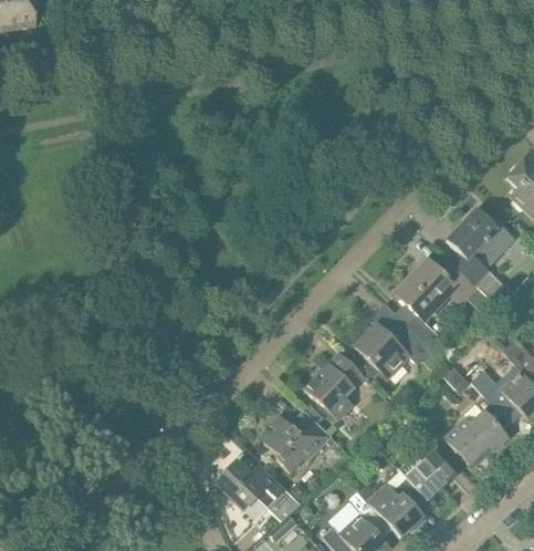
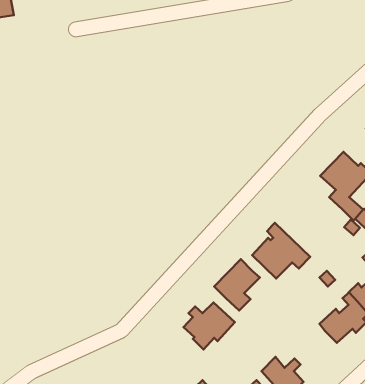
building: [394,258,475,320] -> none
building: [397,449,456,500] -> none
building: [214,459,285,509] -> none

